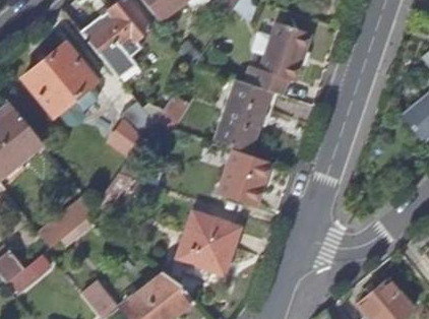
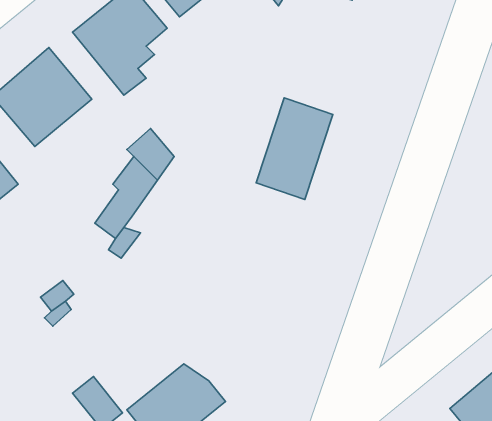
building: [239,22,312,93] -> none
building: [217,149,271,207] -> none
building: [177,211,239,274] -> none

